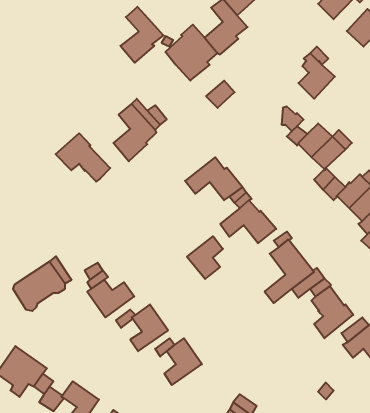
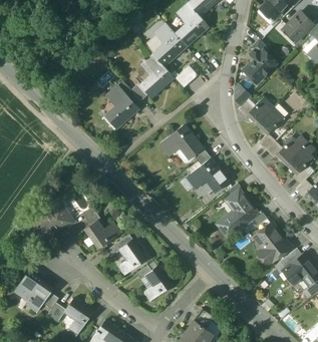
building: [120,7,164,63] -> [139,54,173,97]
building: [56,133,110,182] -> none
building: [187,236,223,279] -> none

